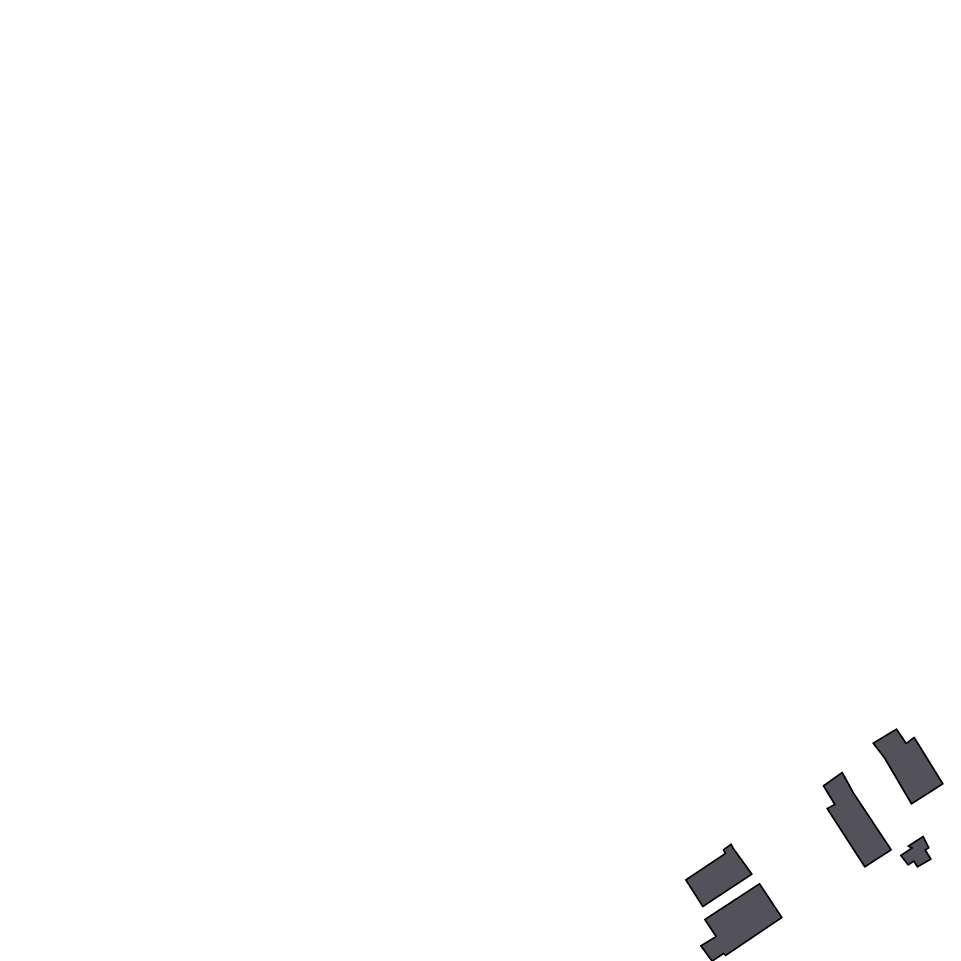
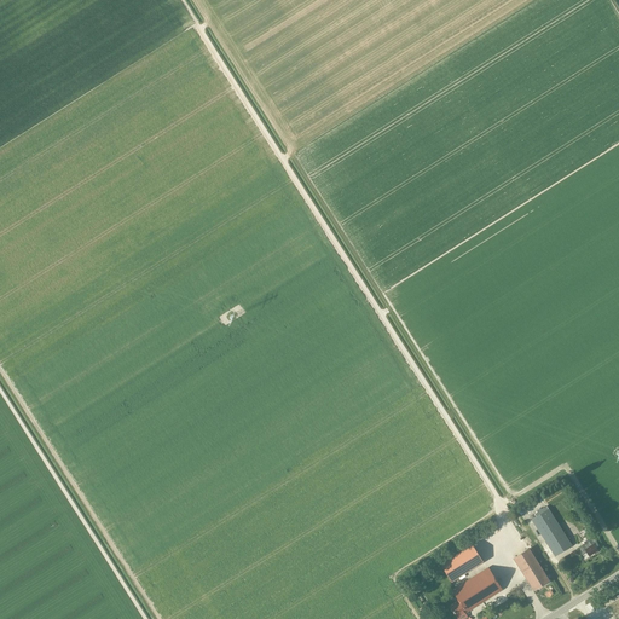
building: [873,729,943,804] -> none
building: none -> [514,549,550,590]

